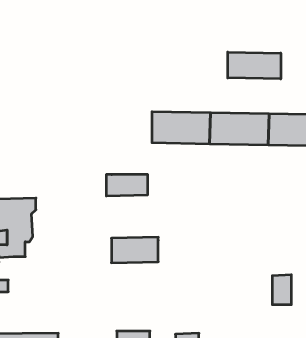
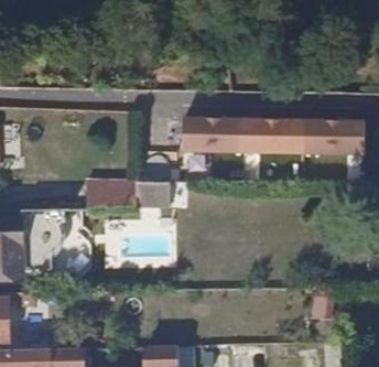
building: [228,52,281,79] -> none
building: [111,237,158,263] -> [87,181,136,207]

